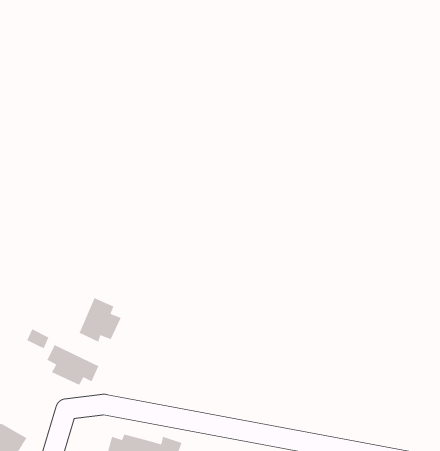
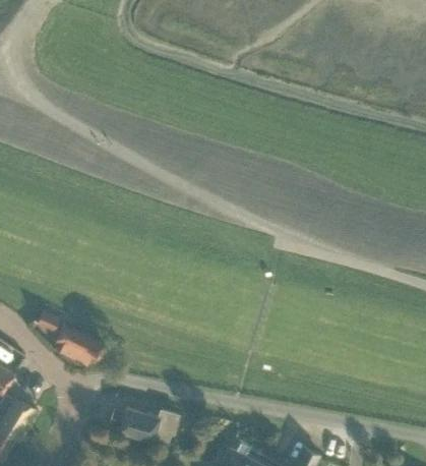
building: [78,297,122,343] -> none

